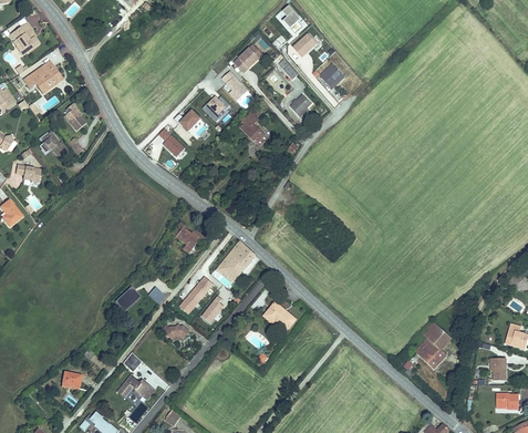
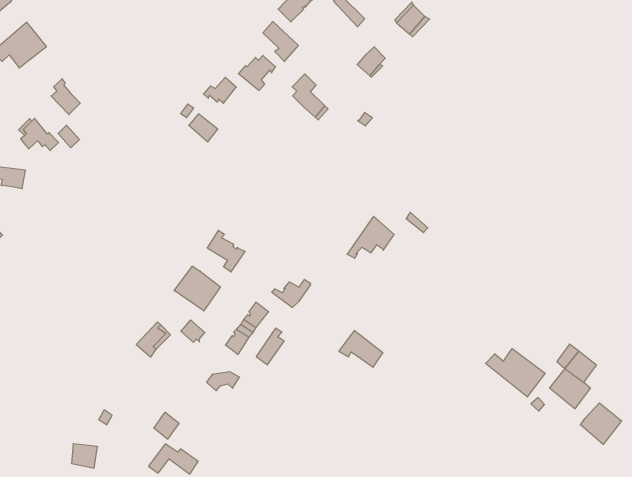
building: [218,240,253,270] -> [347,216,394,258]
building: none -> [174,266,220,311]
building: none -> [486,349,545,397]
building: none -> [580,403,622,444]

